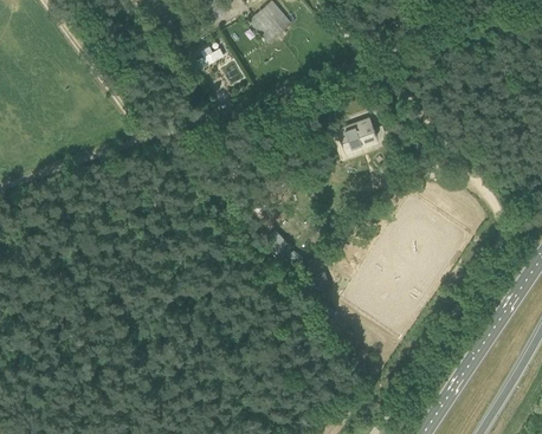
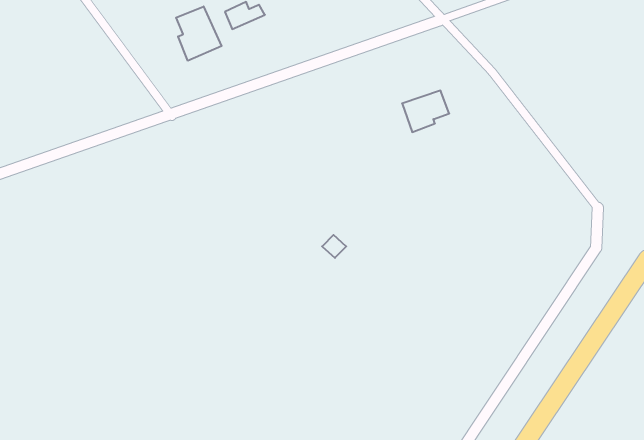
building: none -> [176,6,222,61]

